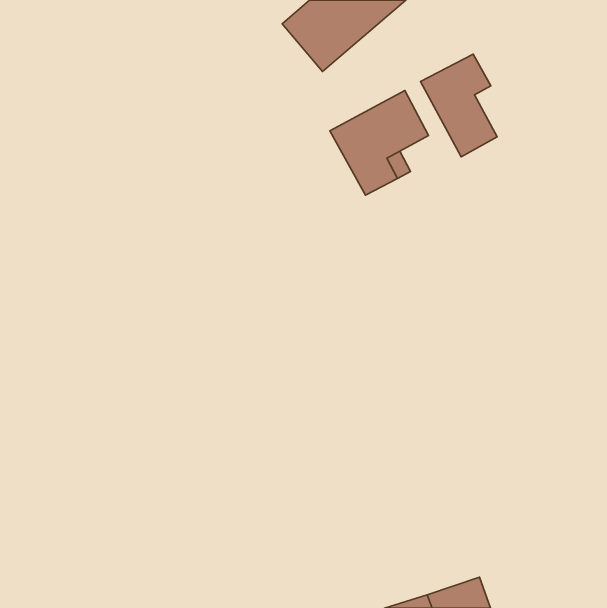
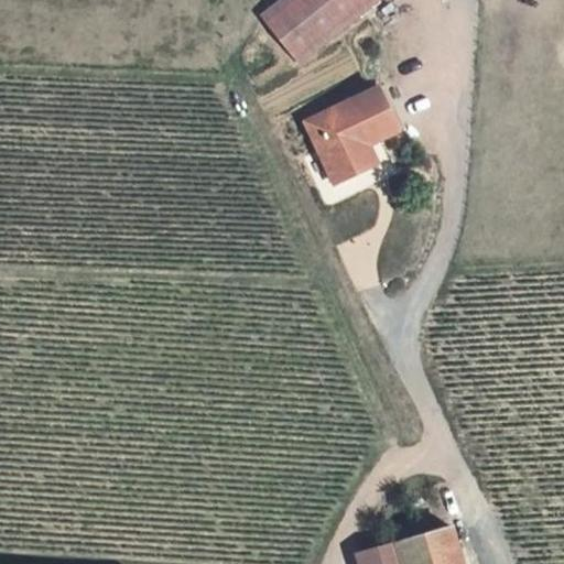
building: [420,54,497,157] -> none

